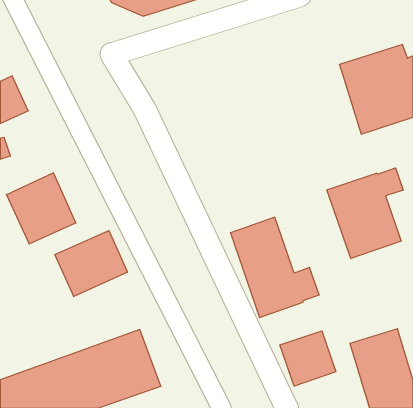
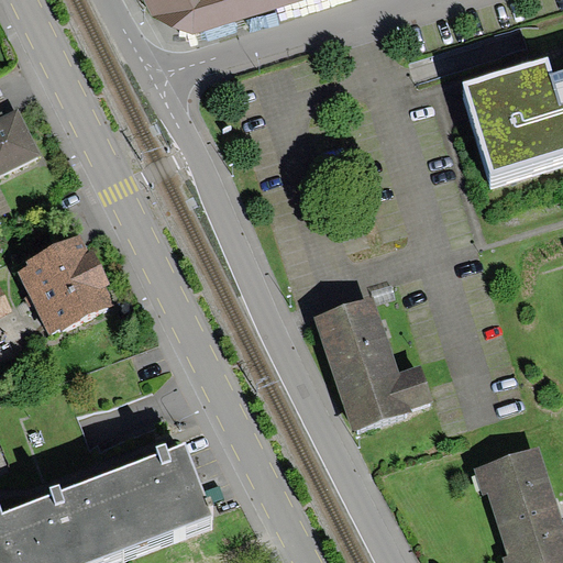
building: [327,168,403,259] -> none
building: [55,231,127,297] -> none
building: [280,331,336,386] -> none

